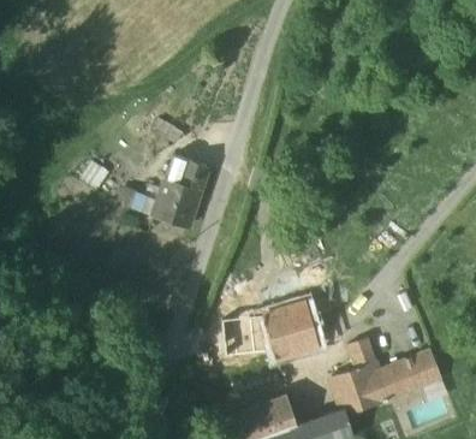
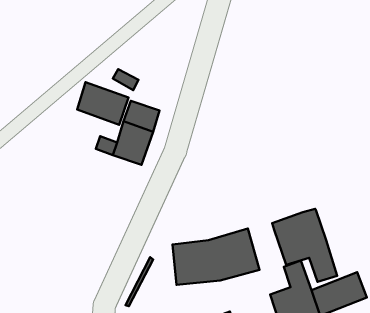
building: none -> [77,82,129,125]
building: none -> [272,209,337,282]

